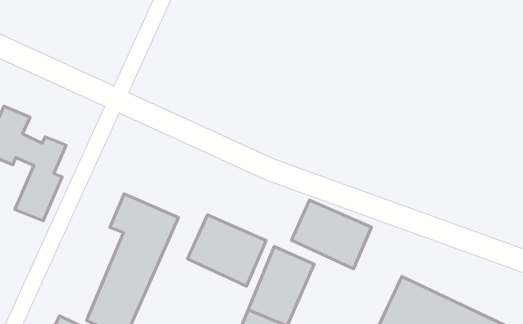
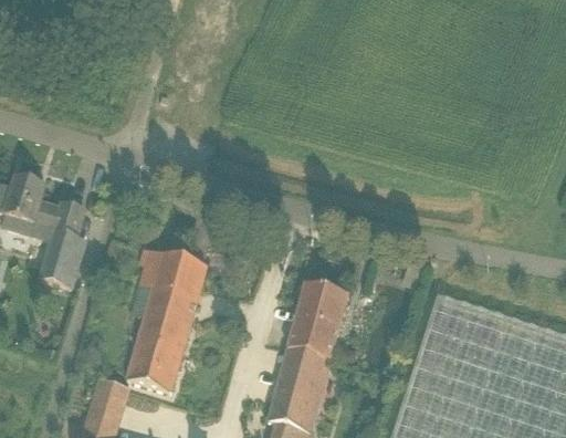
building: [291,200,372,269] -> none
building: [188,215,266,286] -> none

